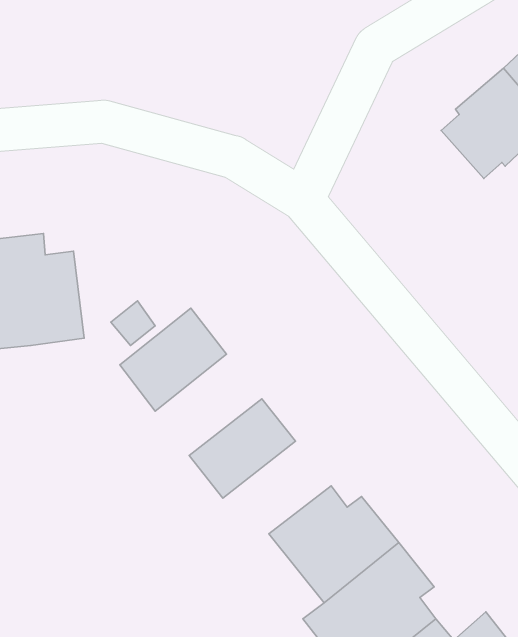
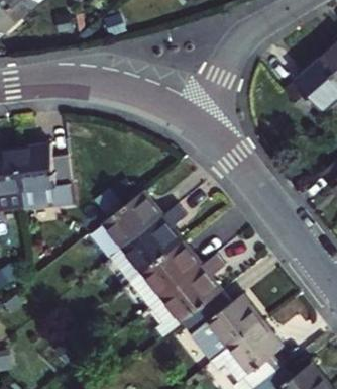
building: none -> [110,201,184,278]
building: none -> [146,252,223,334]

